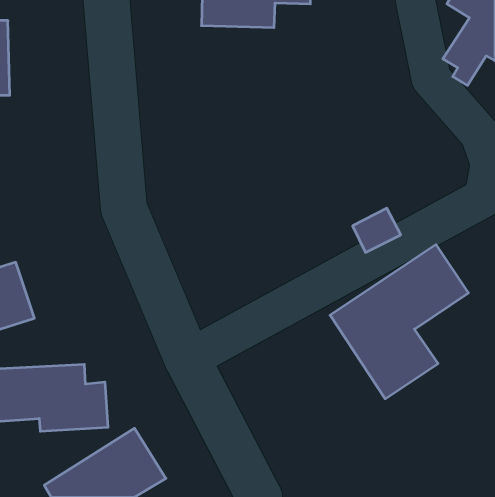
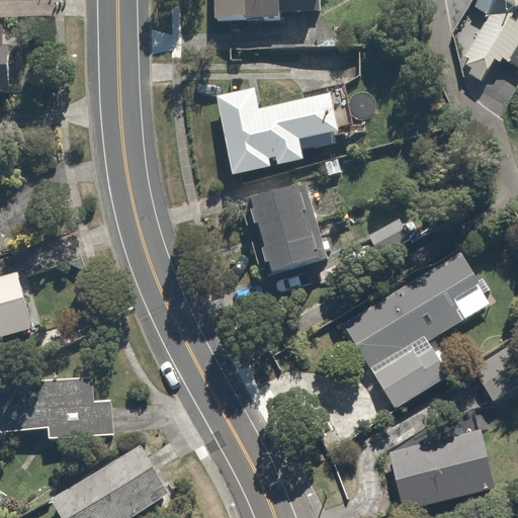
building: none -> [219,89,343,180]
building: none -> [237,180,331,286]
building: none -> [382,428,495,507]

